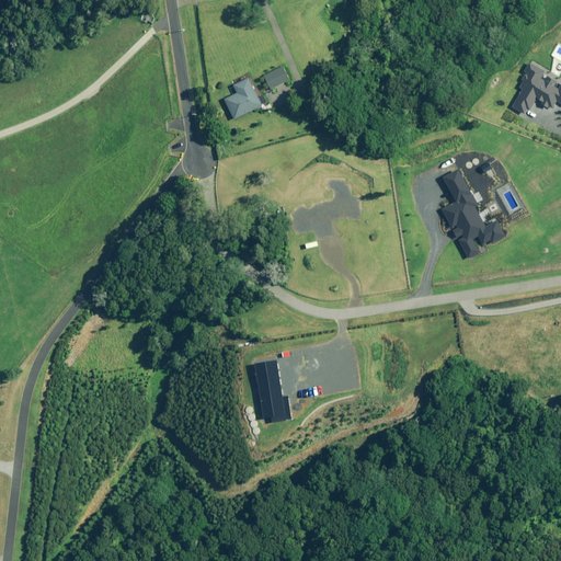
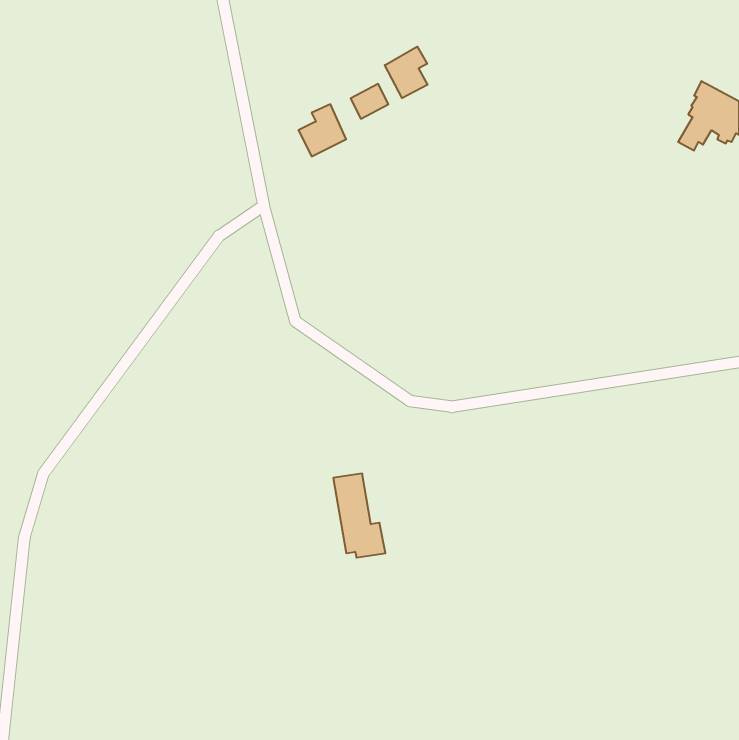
building: none -> [385,47,427,98]
building: [440,168,504,257] -> none

